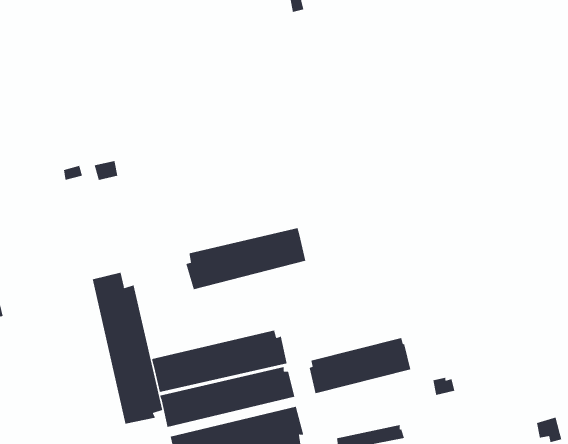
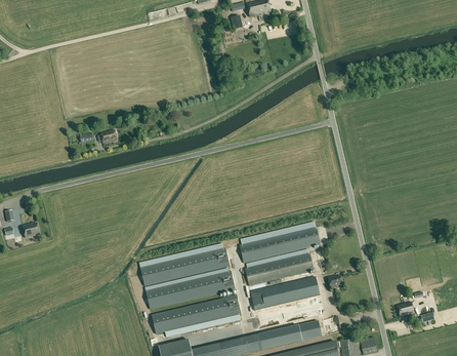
building: [186,227,306,290] -> [239,222,320,264]
building: [92,272,163,424] -> none
building: none -> [249,277,317,307]

